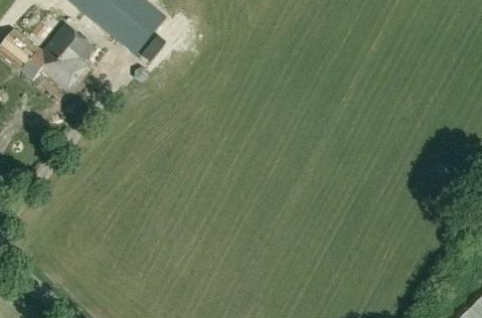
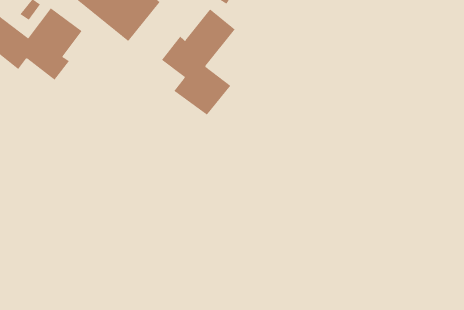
building: none -> [161,9,235,116]

